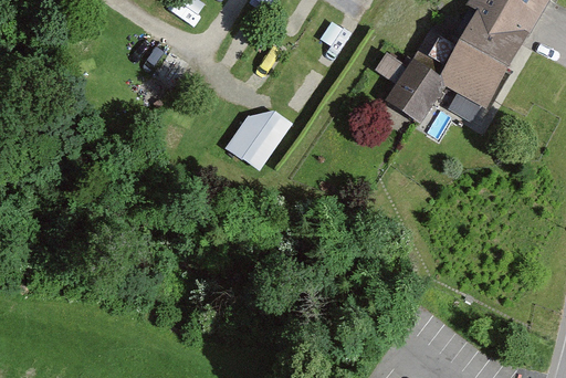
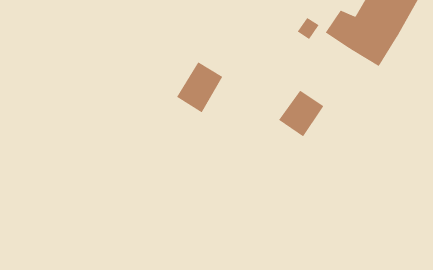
building: [387,65,443,123] -> [278,90,324,137]

